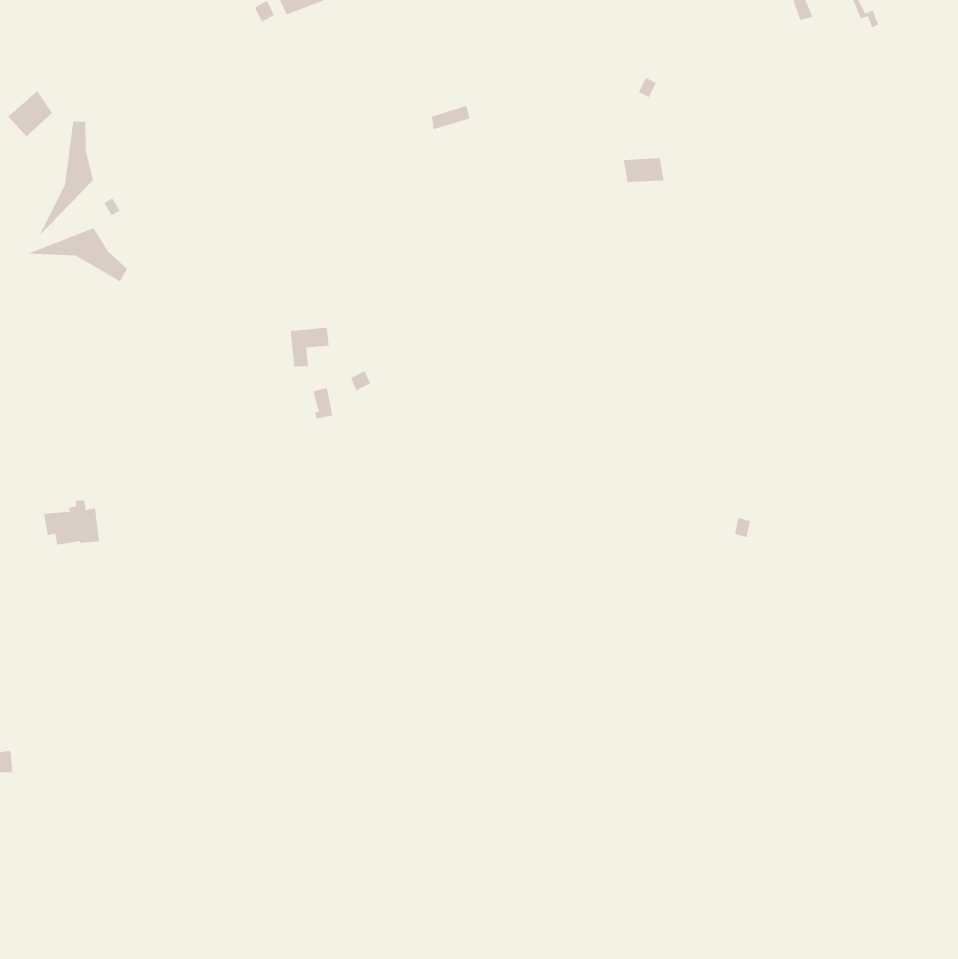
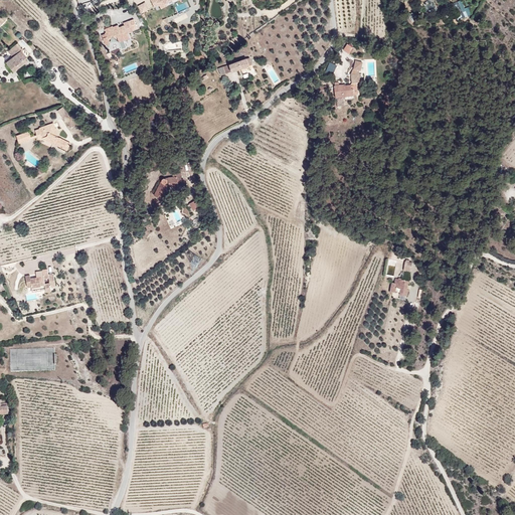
building: none -> [104,18,138,44]
building: [38,121,94,238] -> none

